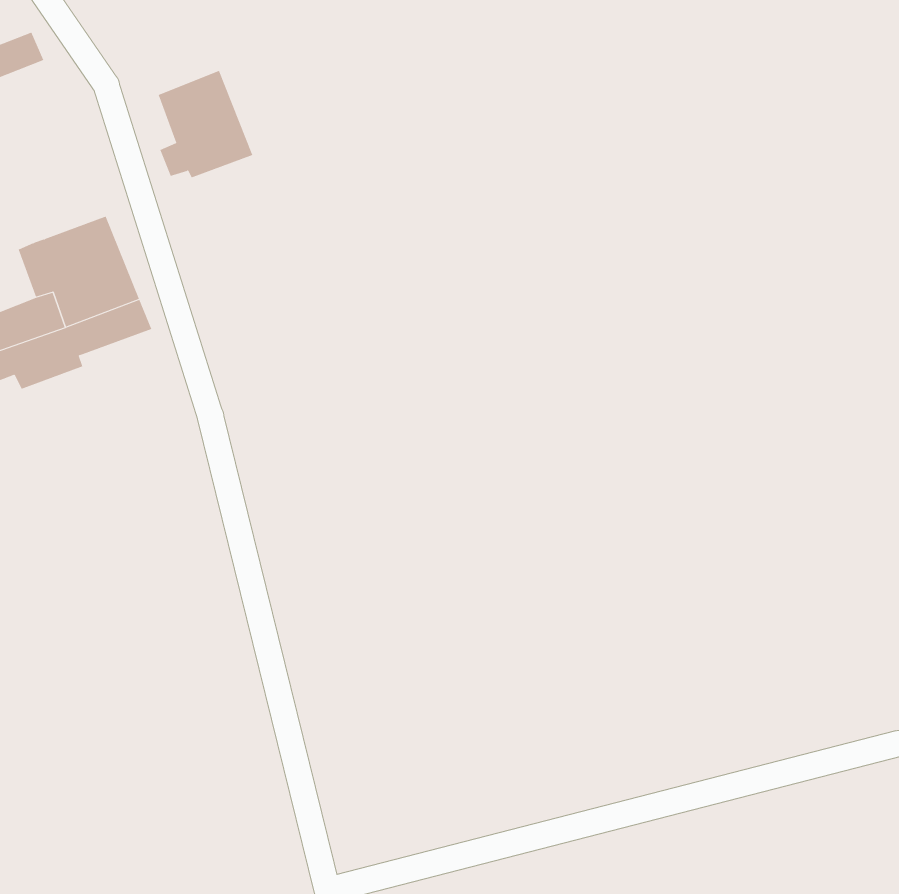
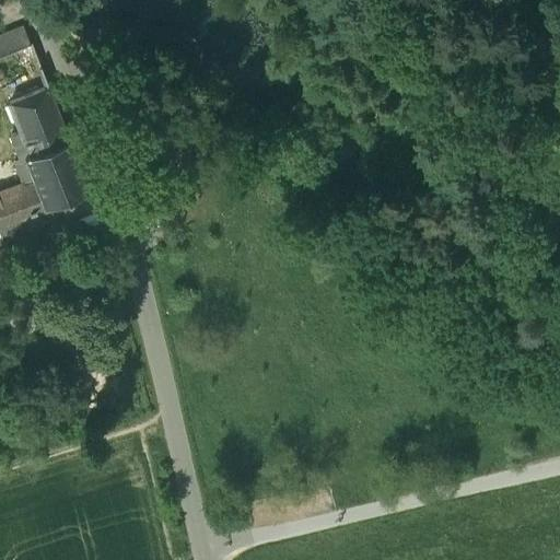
building: [158,70,253,178] -> [7,81,66,148]

